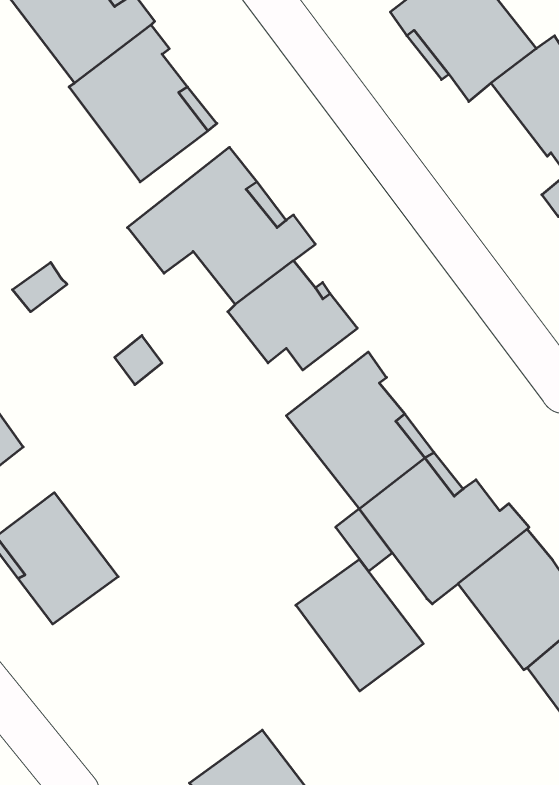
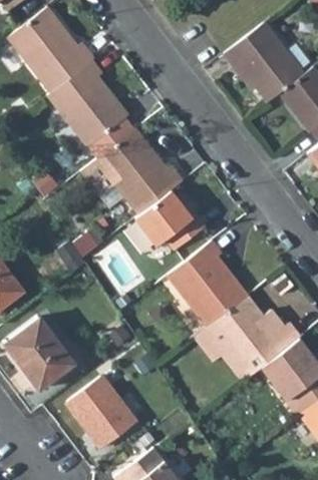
building: [296,560,423,691] -> [66,376,136,448]

